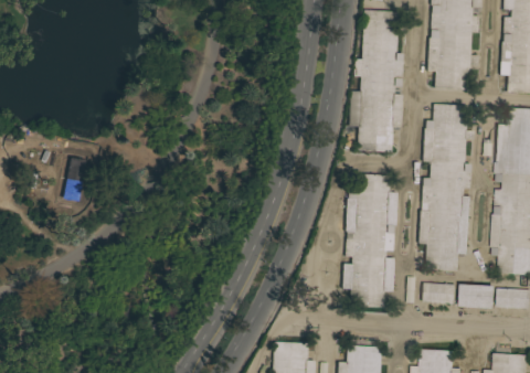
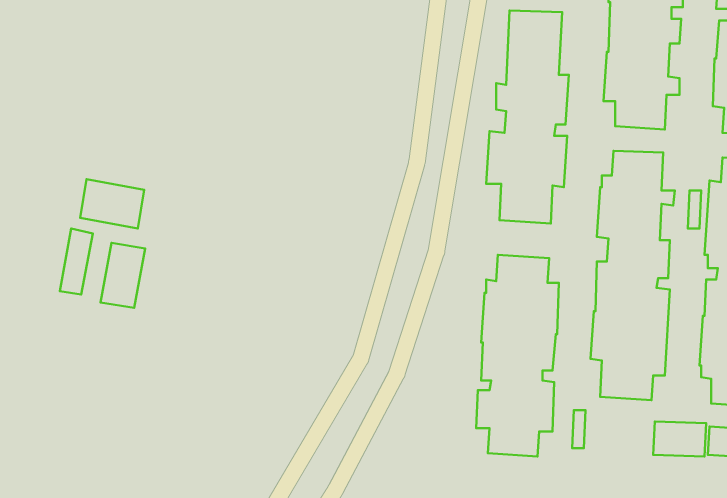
building: none -> [80,179,144,229]
building: none -> [101,243,145,308]
building: [421,283,456,303] -> none

